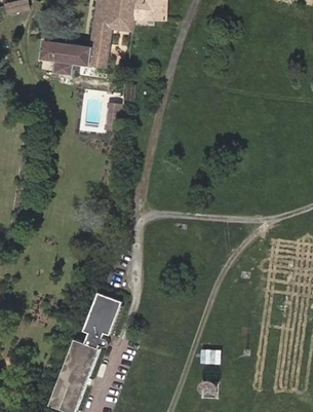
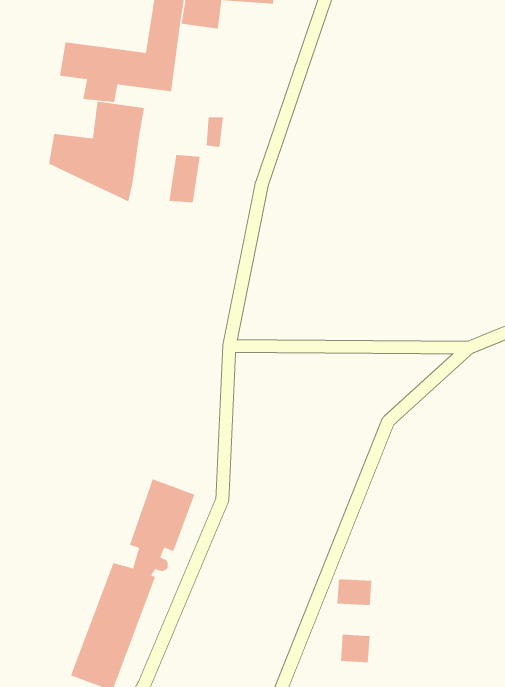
building: none -> [49,101,144,202]

